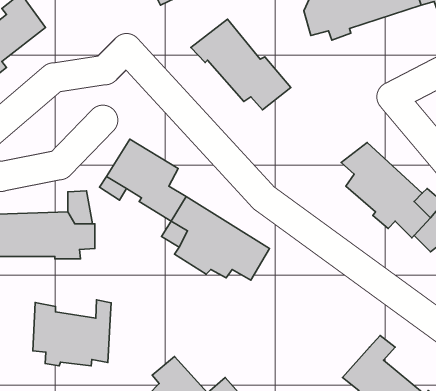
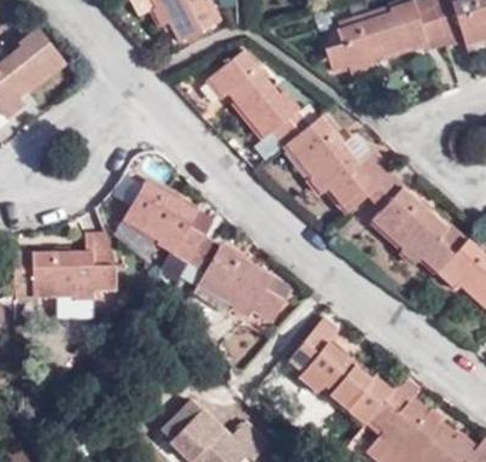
building: none -> [285,113,392,212]
building: none -> [287,318,394,425]
building: [33,300,111,366] -> none

